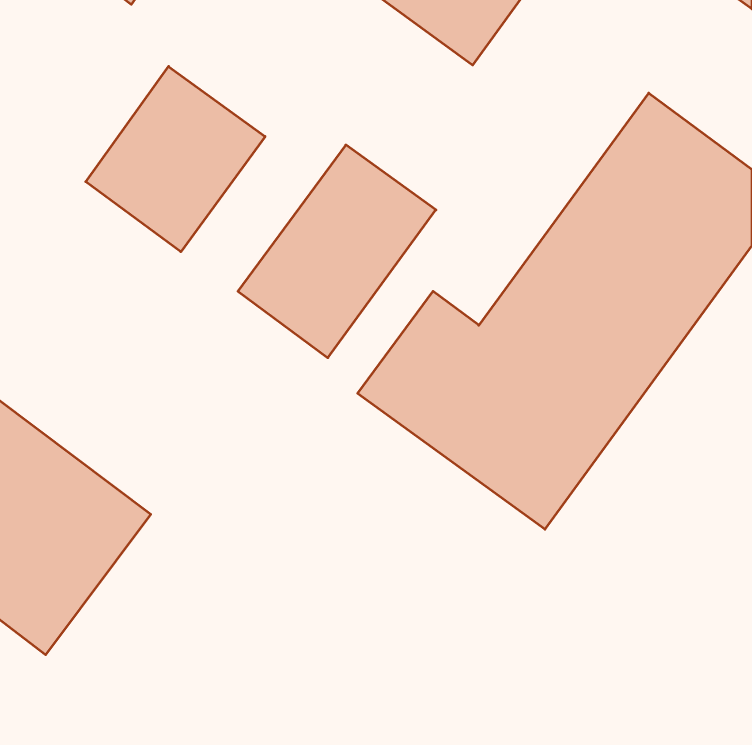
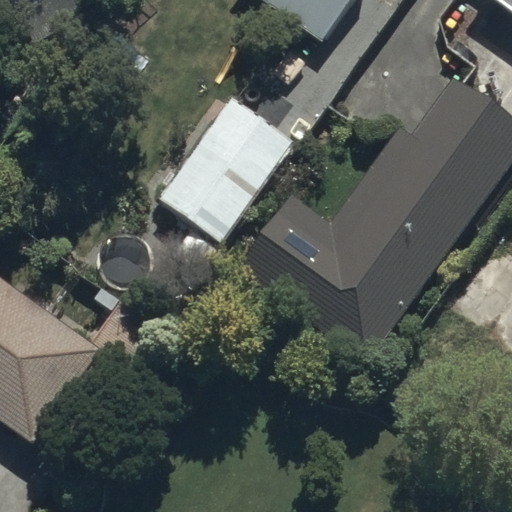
building: [86,66,265,252] -> none

